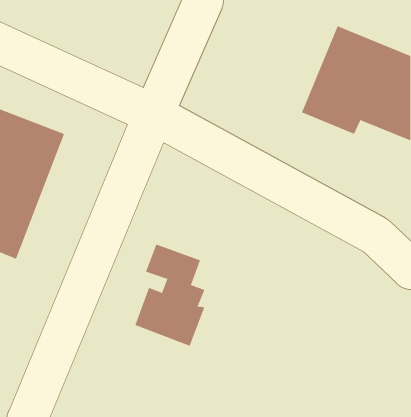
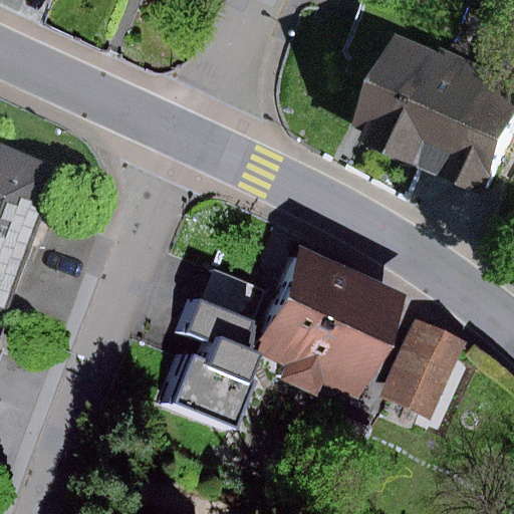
building: none -> [254,265,390,395]
building: none -> [369,324,452,421]

